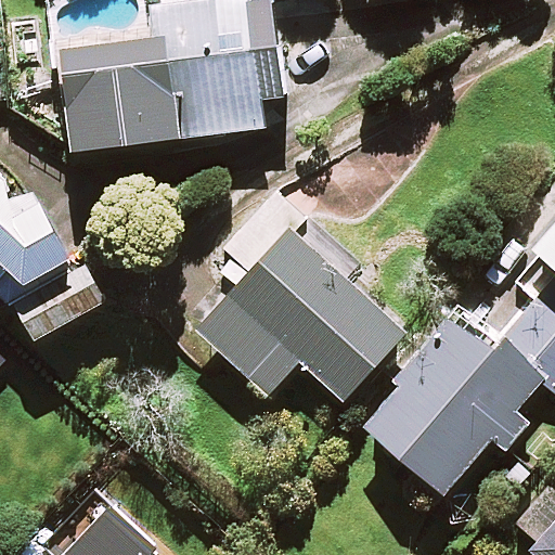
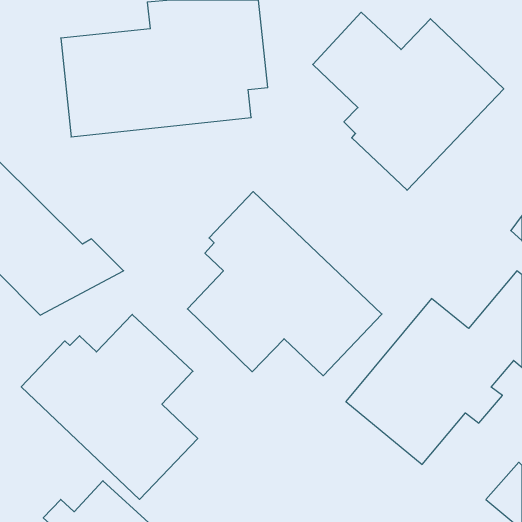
building: none -> [313,12,504,190]
building: none -> [21,314,198,499]

